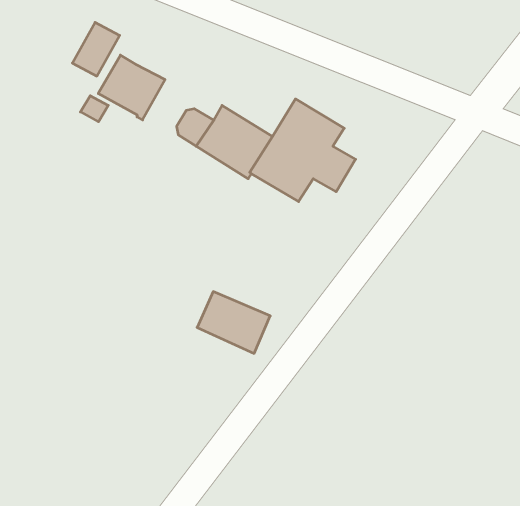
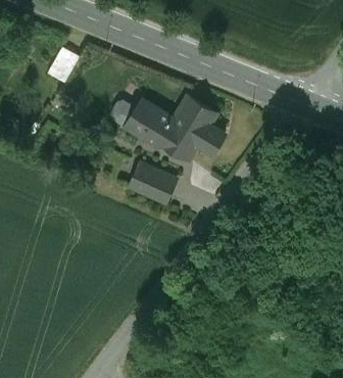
building: [98,55,165,120] -> none
building: [197,292,270,353] -> [130,164,176,203]

